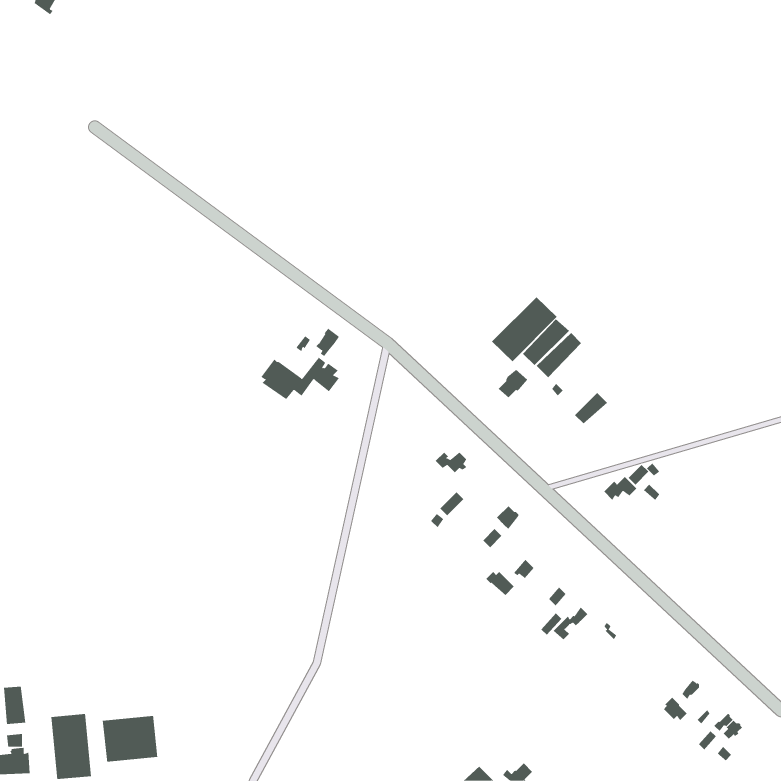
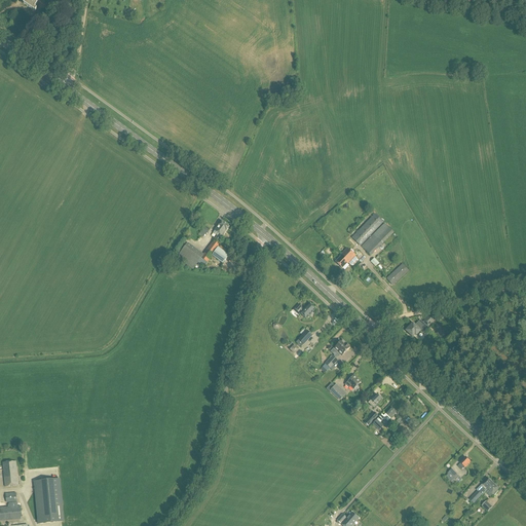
building: [491,296,557,362] -> none
building: [102,715,158,762] -> none

